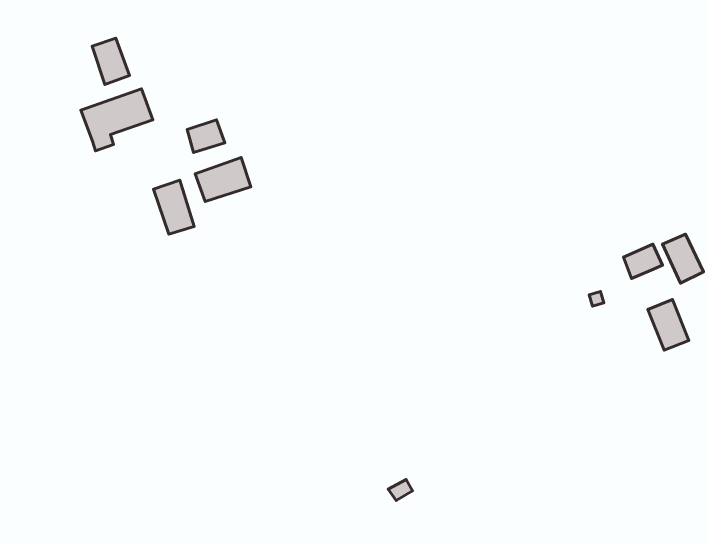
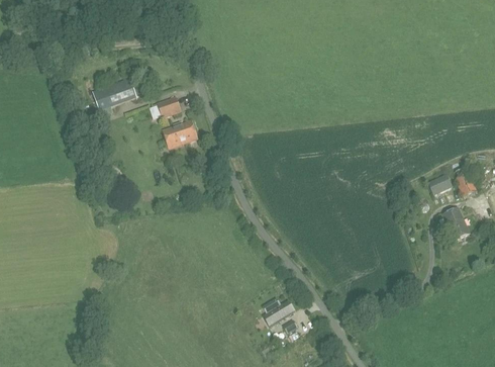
building: [92,38,130,84] -> none
building: [153,180,194,234] -> none
building: none -> [263,297,295,326]

